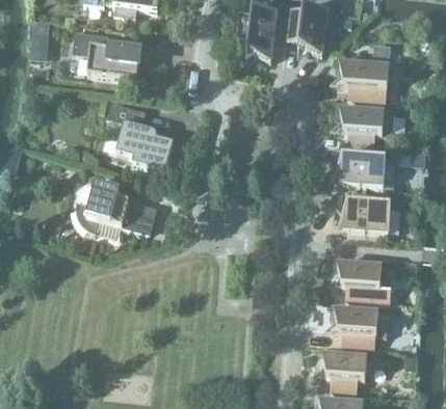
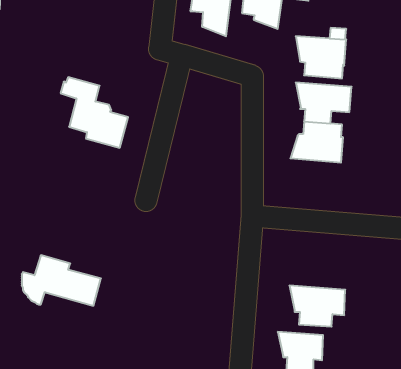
building: [73,29,139,79] -> none
building: [76,183,154,233] -> [22,255,101,306]
building: [339,190,390,230] -> none
building: [337,261,392,302] -> none

